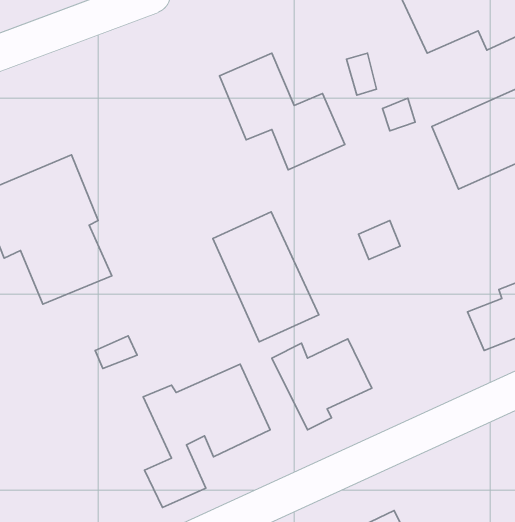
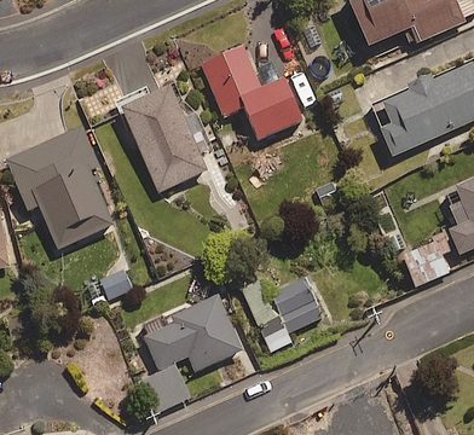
building: [213,212,319,342] -> [121,86,207,191]

